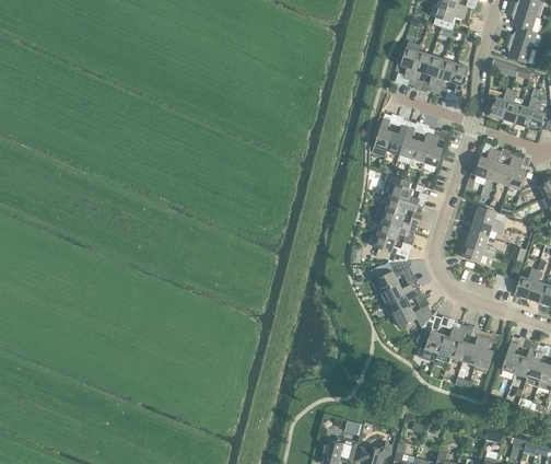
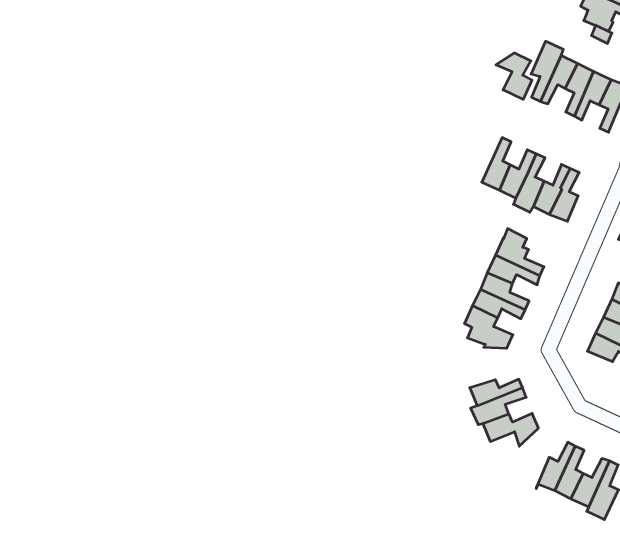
building: none -> [496,53,532,99]
building: [373,260,410,291] -> none
building: [421,314,443,356] -> none

